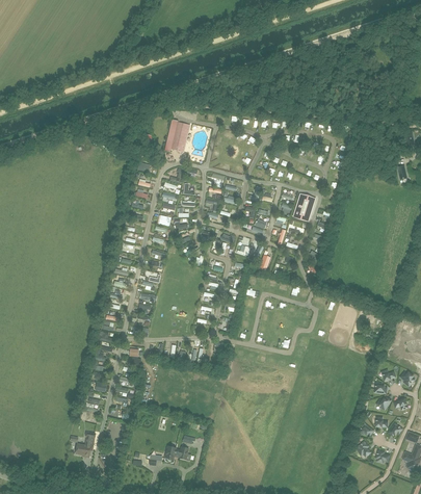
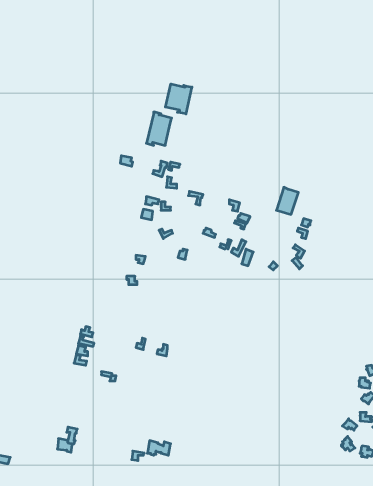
building: none -> [165,84,192,114]

